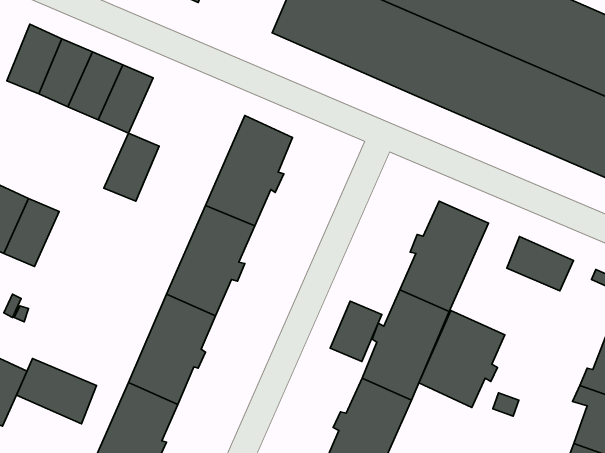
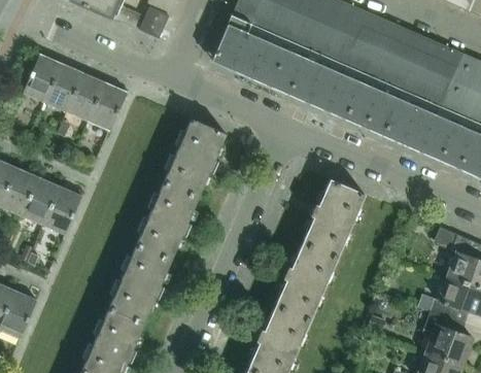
building: [104,133,159,201] -> [42,186,81,235]
building: [507,237,573,291] -> none
building: [330,301,382,362] -> none
building: [419,311,505,408] -> none
building: [16,358,96,424] -> none

